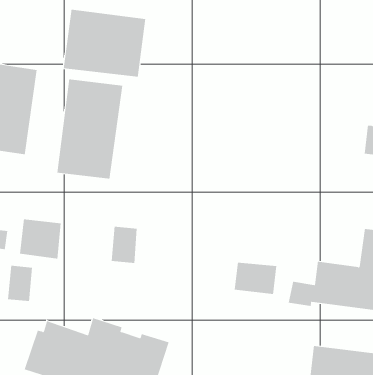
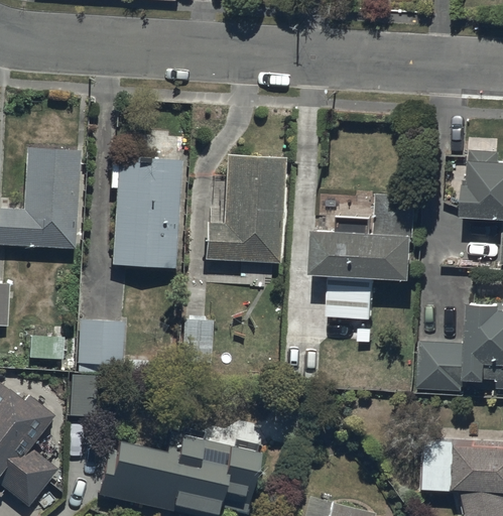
building: [63,9,146,77] -> none
building: none -> [204,155,282,264]
building: none -> [312,192,416,274]
building: [234,262,277,294] -> [327,285,374,318]

